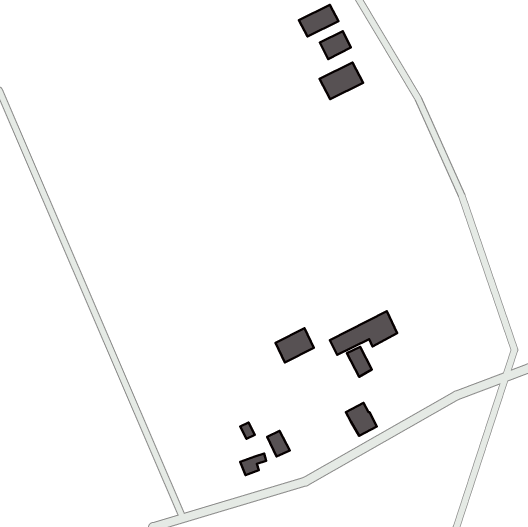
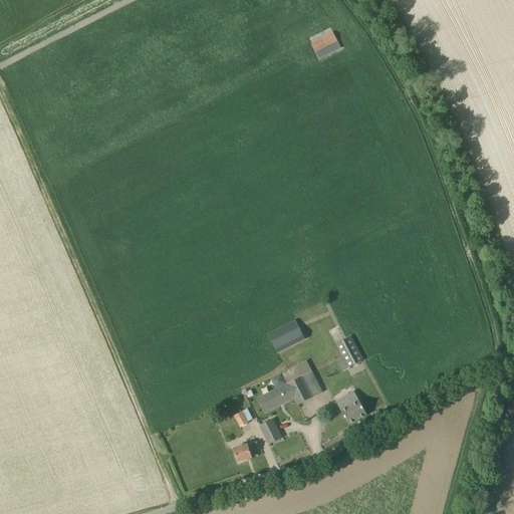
building: [299,5,338,37] -> none
building: [320,62,363,99] -> none
building: [330,311,397,355] -> [256,369,321,412]

